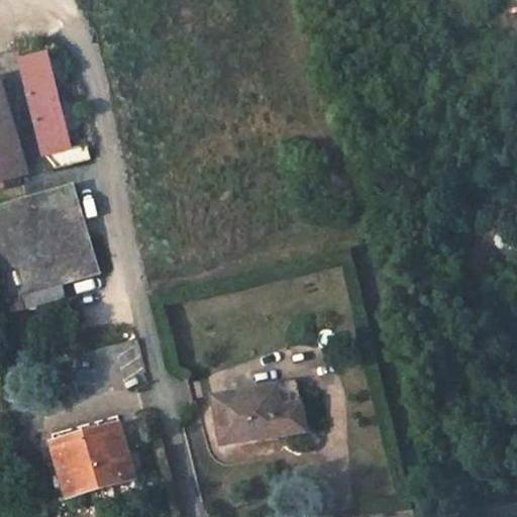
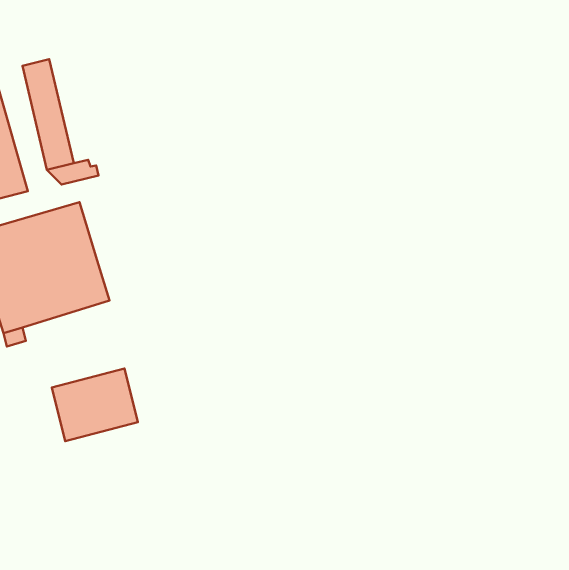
building: [214,382,302,442] -> none
building: [54,429,131,495] -> [52,369,138,441]

